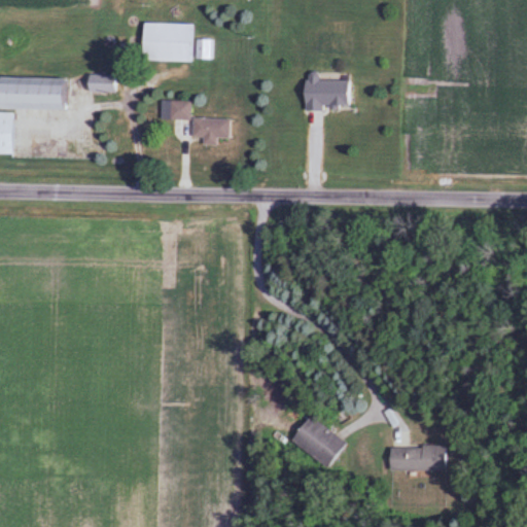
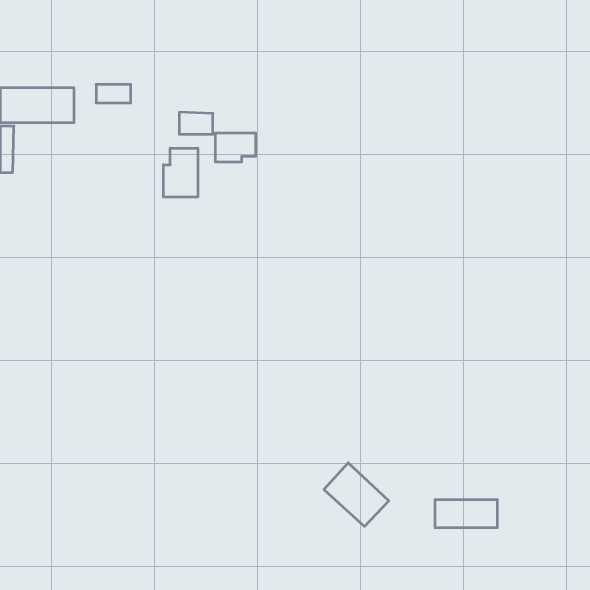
building: [140,23,194,62] -> none
building: [304,72,351,109] -> none
building: none -> [163,148,198,197]

